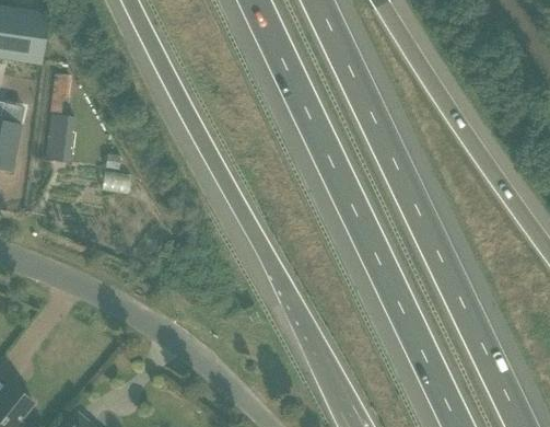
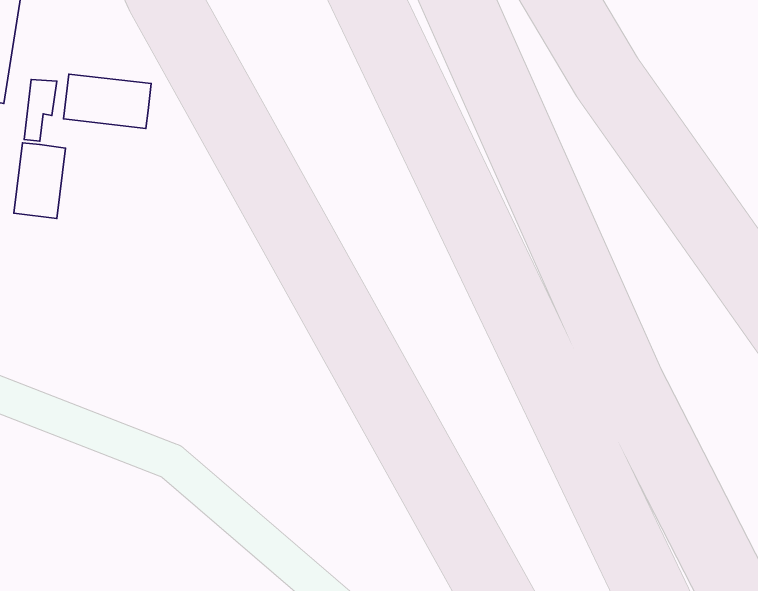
building: none -> [64,74,151,128]

